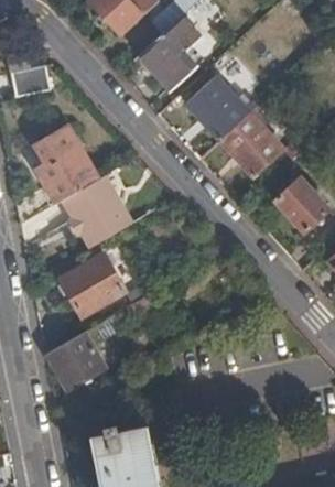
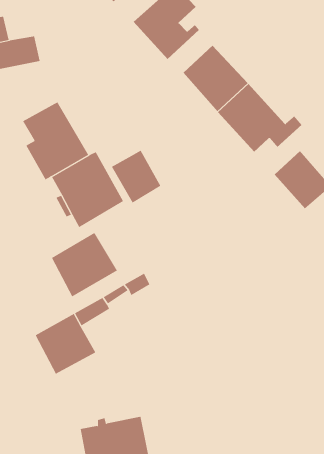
building: none -> [111,150,161,203]

